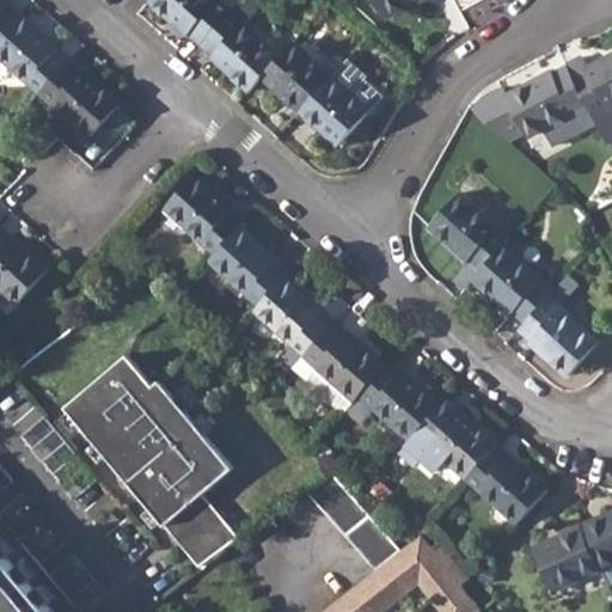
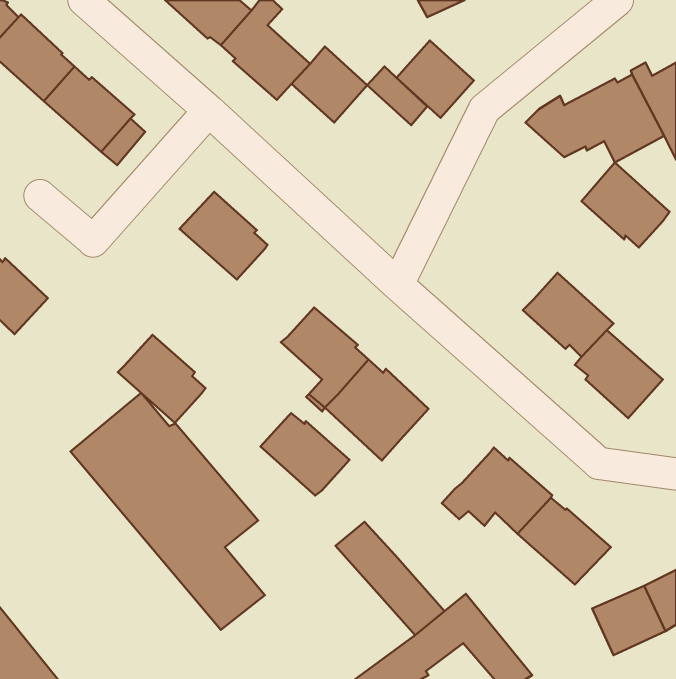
building: [300,78,369,147] -> [397,40,474,118]
building: [428,194,507,270] -> [582,162,669,248]
building: [207,225,286,304] -> [118,335,206,423]
building: [360,366,440,440] -> [260,413,350,496]

